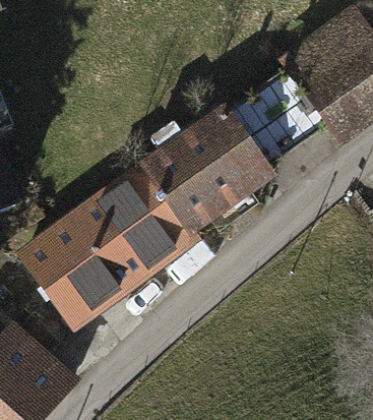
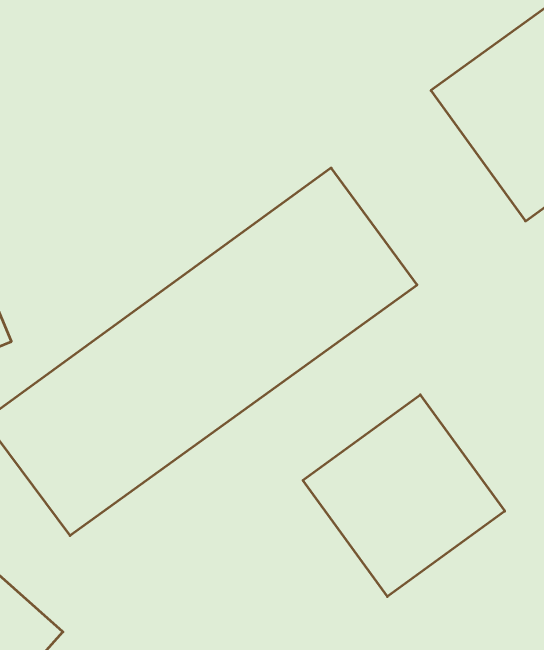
building: none -> [303,395,505,597]

